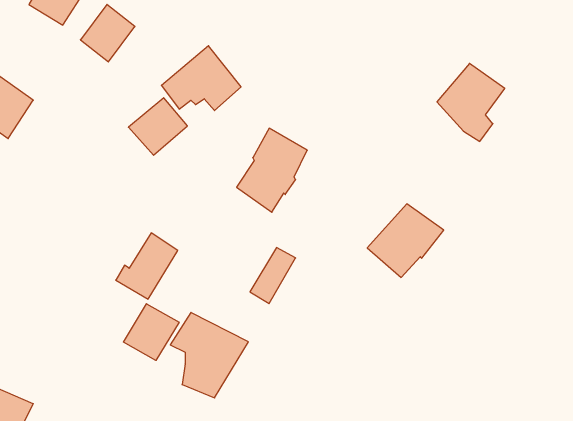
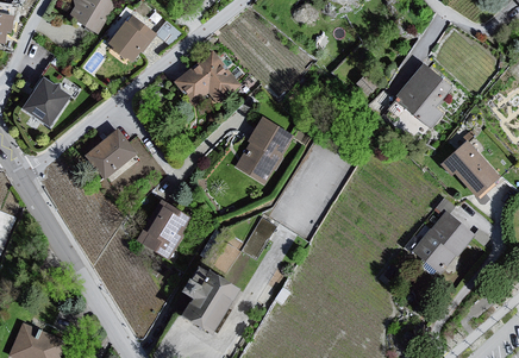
building: [128,98,187,155] -> [88,126,136,172]
building: none -> [440,140,498,197]
building: [367,204,444,277] -> [411,212,473,271]
building: [123,304,179,360] -> none

